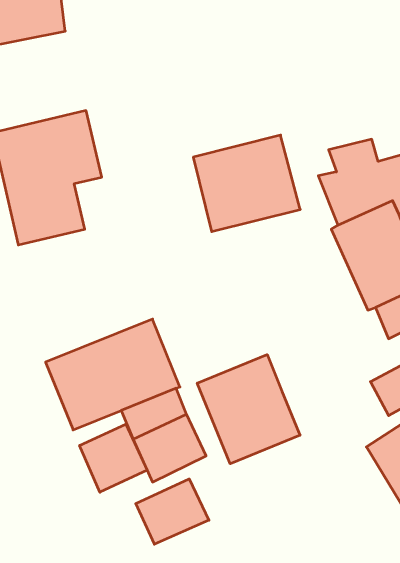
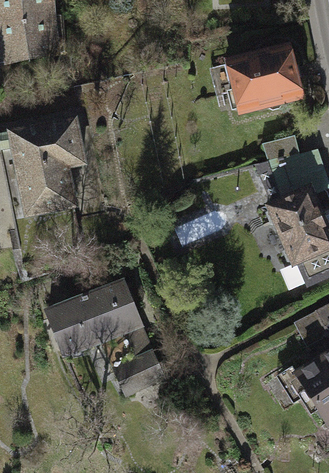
building: [193,135,300,232] -> [222,42,304,116]
building: [197,355,300,464] -> none
building: [80,424,147,492] -> none
building: [136,479,209,544] -> none

